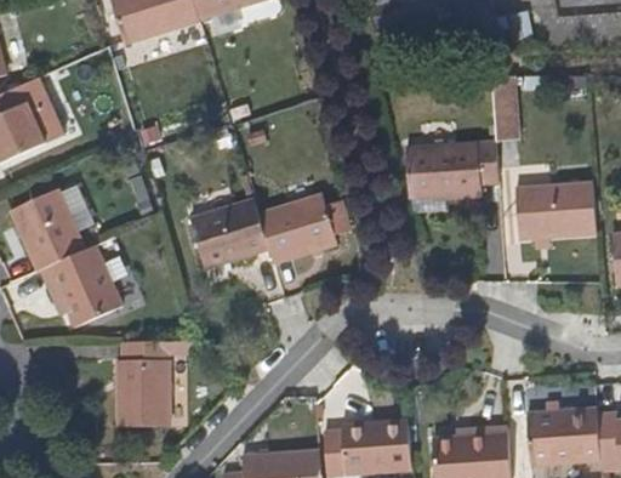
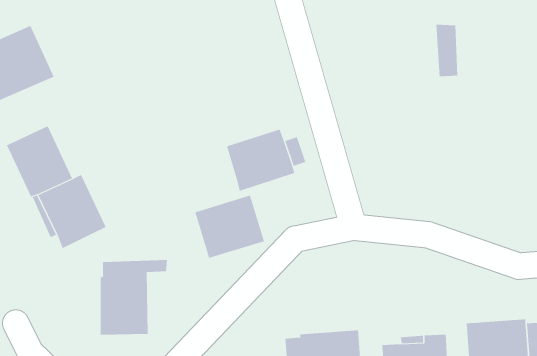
building: [406,141,500,200] -> none
building: [517,180,597,238] -> none
building: [190,197,269,268] -> [195,195,265,259]

